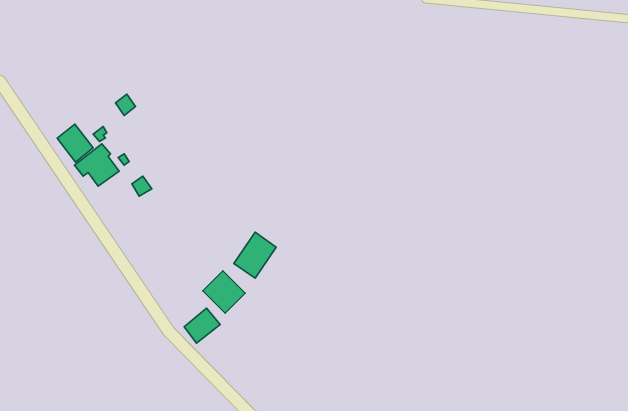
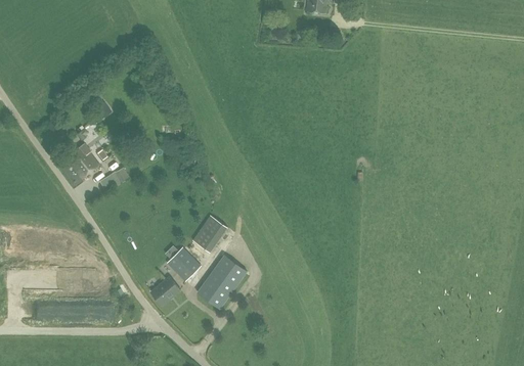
building: [57,124,93,162] -> none
building: none -> [198,255,247,308]

